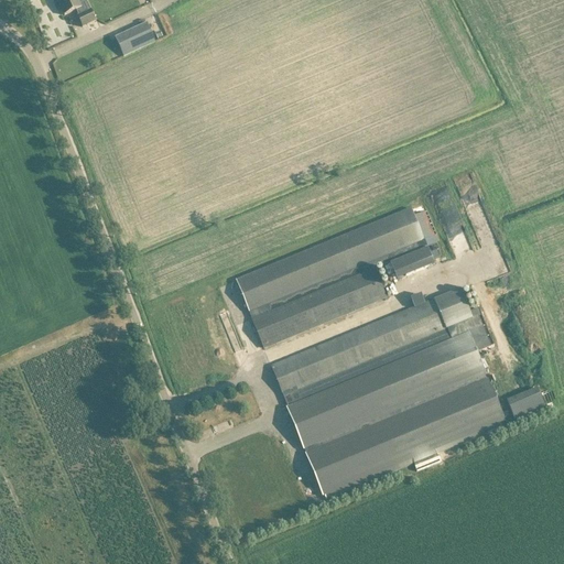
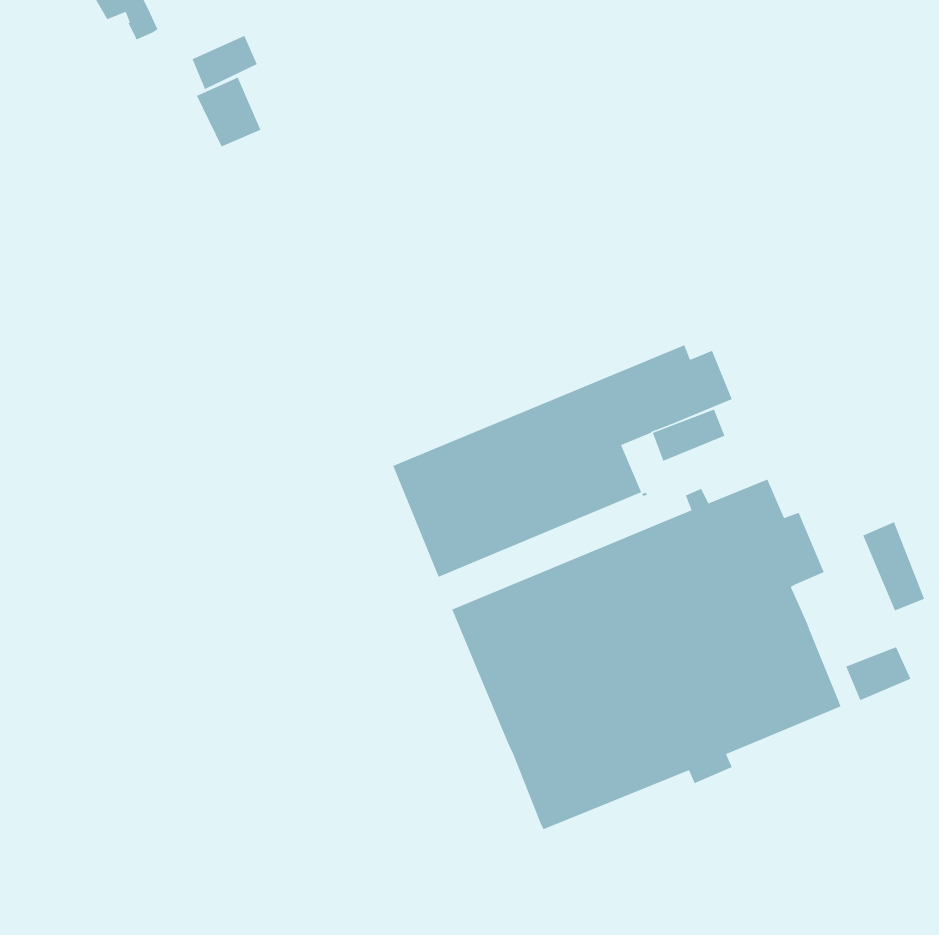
building: none -> [196,77,262,148]
building: none -> [862,521,925,612]

